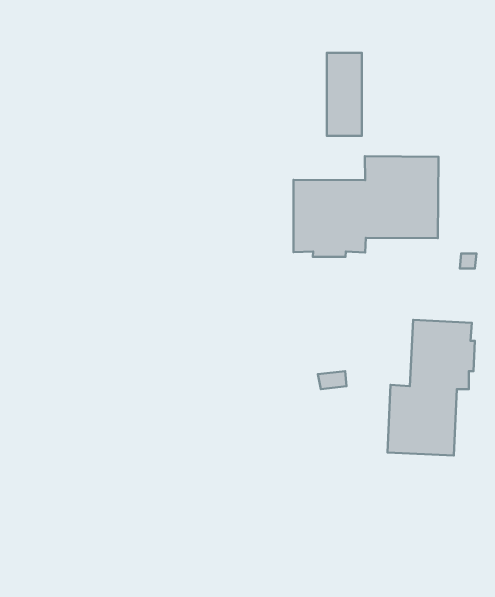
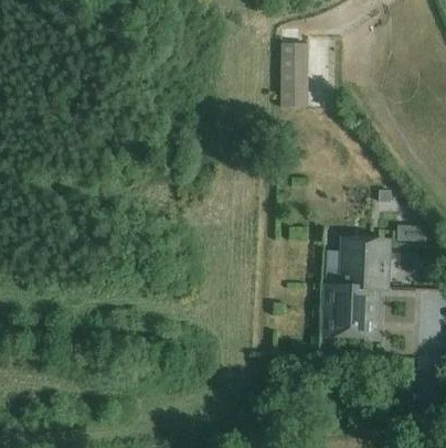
building: [293,156,438,257] -> none

